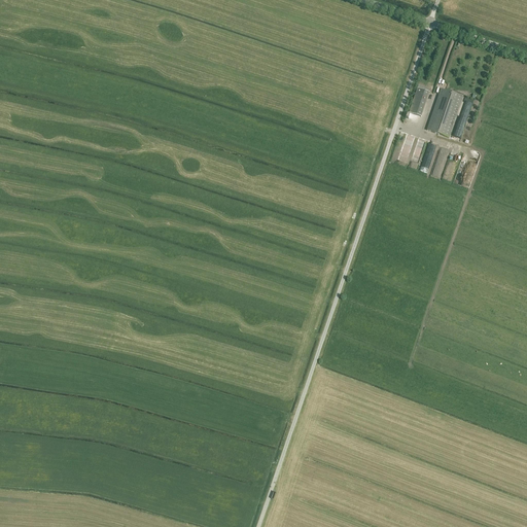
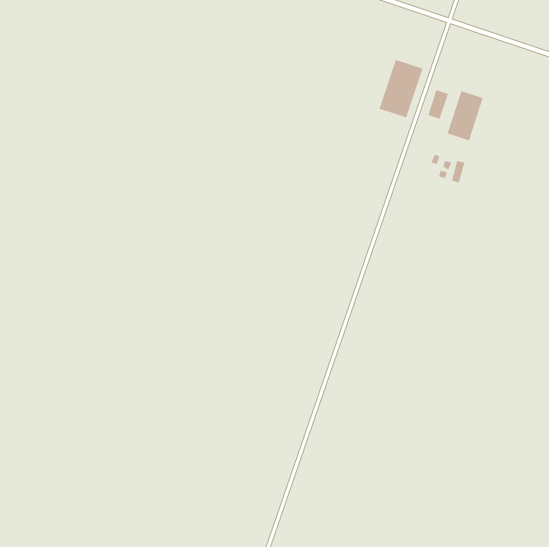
building: none -> [379,59,423,118]

